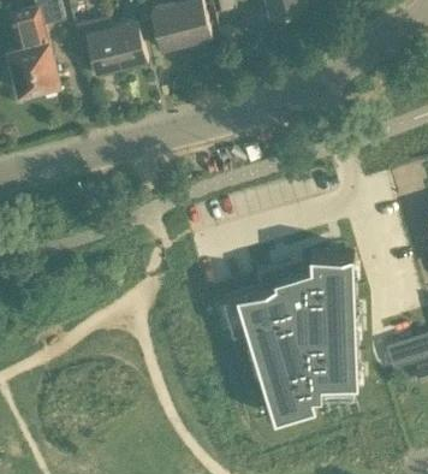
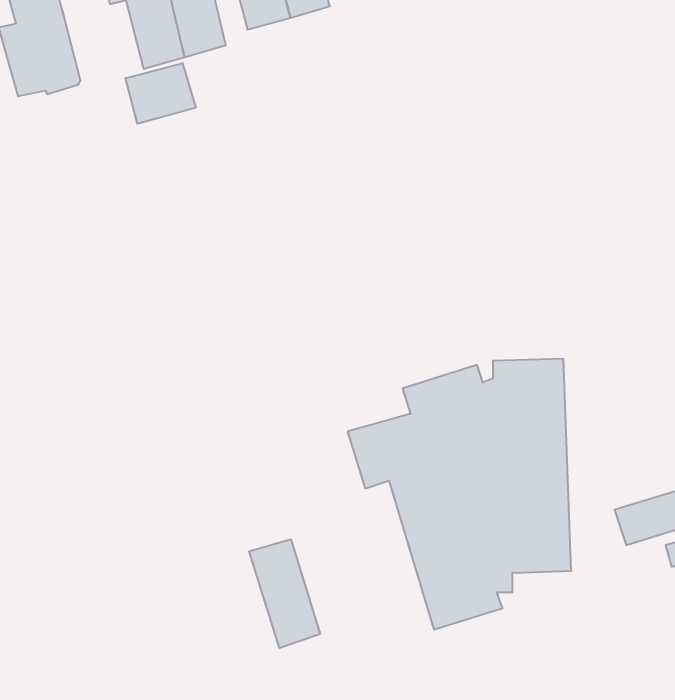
building: none -> [125,63,196,124]
building: none -> [249,539,320,648]

